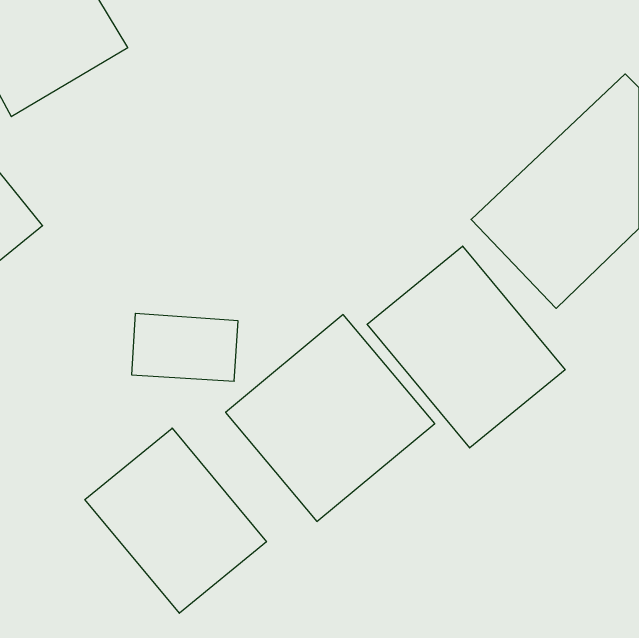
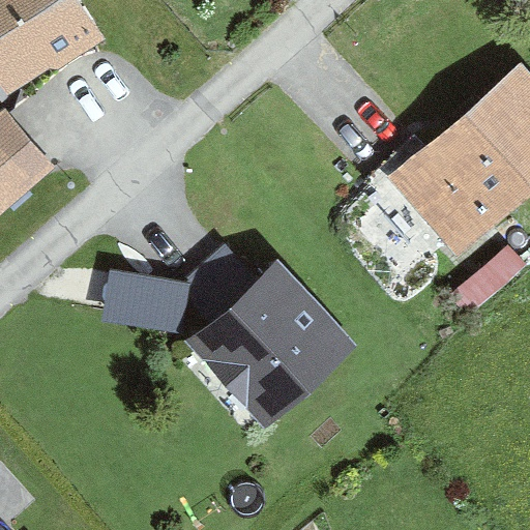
building: [367,246,565,448] -> none
building: [85,428,266,613] -> none

